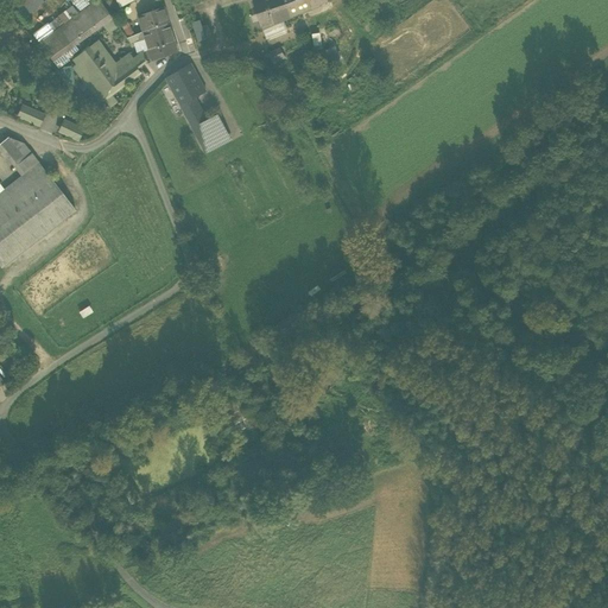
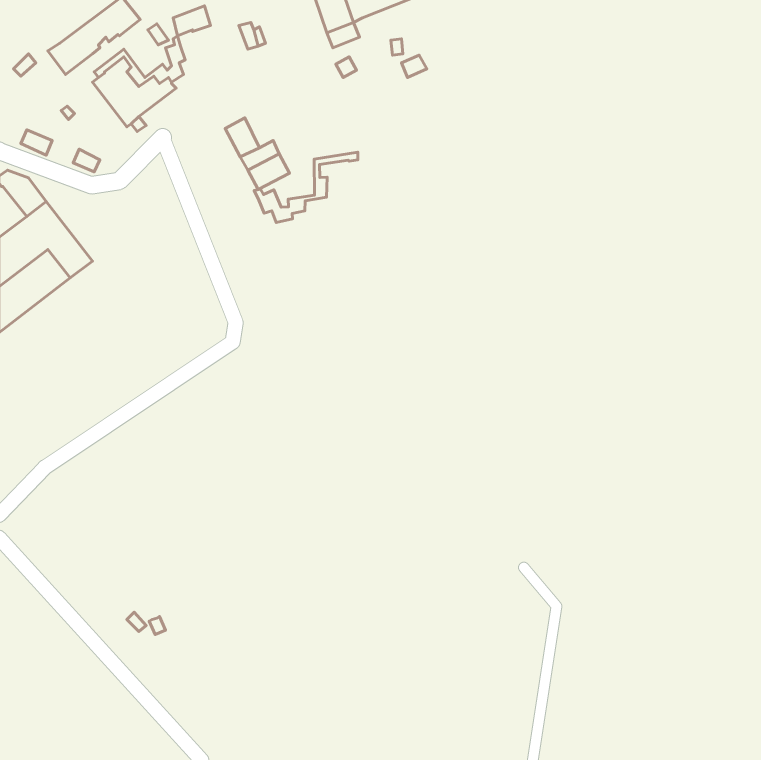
building: [141,20,176,59] -> none
building: [165,62,205,102] -> none
building: none -> [254,152,358,223]

